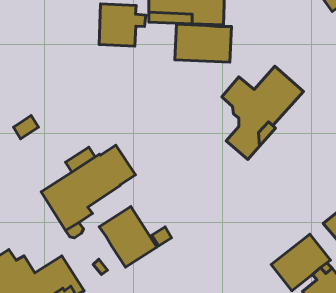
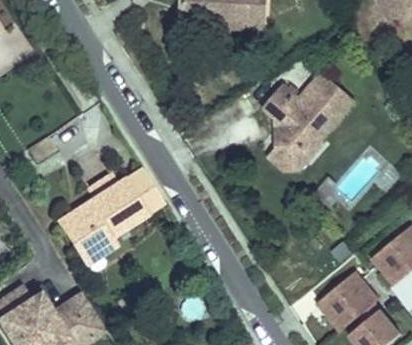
building: [99,4,146,46] -> none
building: [175,24,231,62] -> none
building: [99,206,157,267] -> none

